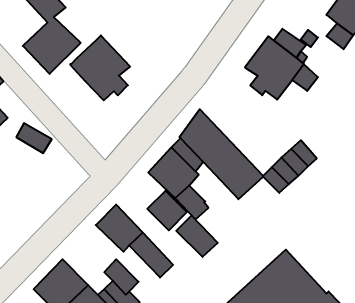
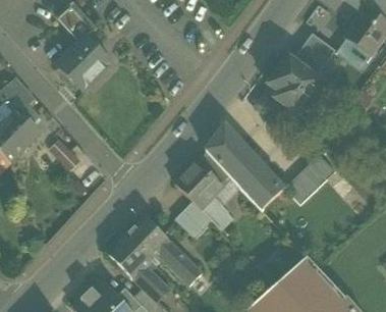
building: [70,35,130,100] -> none
building: [176,216,218,257] -> none
building: none -> [108,233,152,278]

